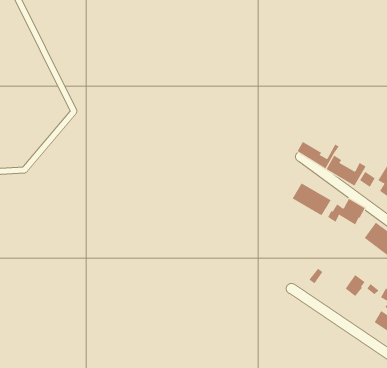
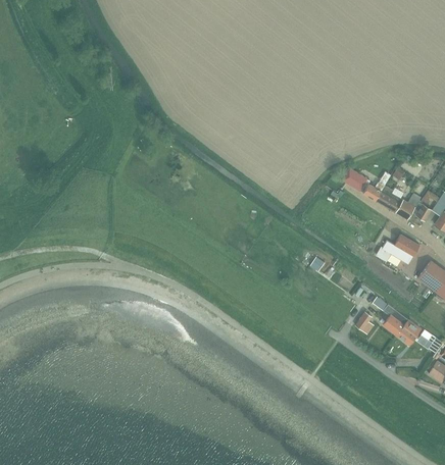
building: [292,182,331,216] -> none
building: none -> [372,297,407,335]

